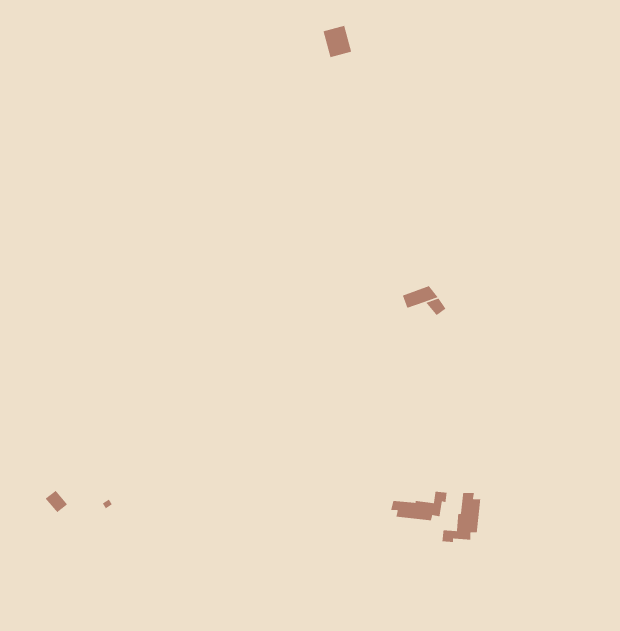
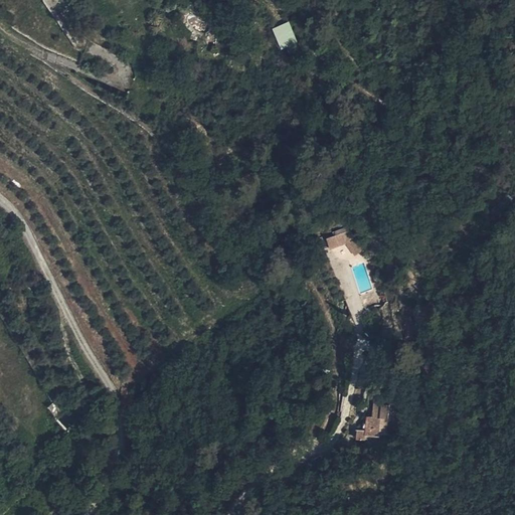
building: [390,491,448,521] -> none

